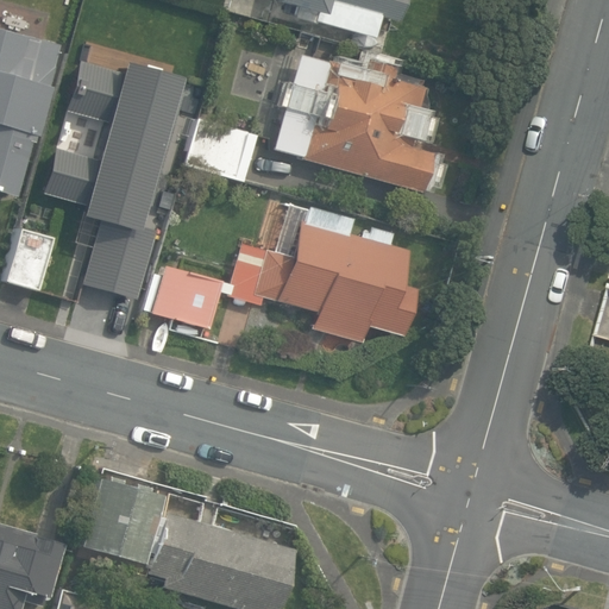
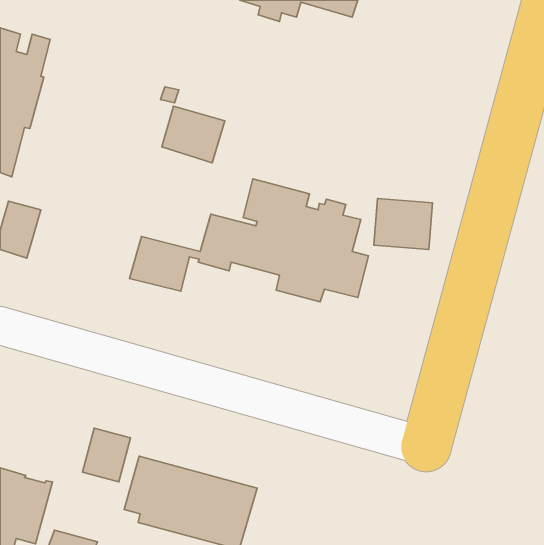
building: [278,62,423,188] -> none
building: [44,64,184,302] -> none
building: none -> [374,199,433,249]

